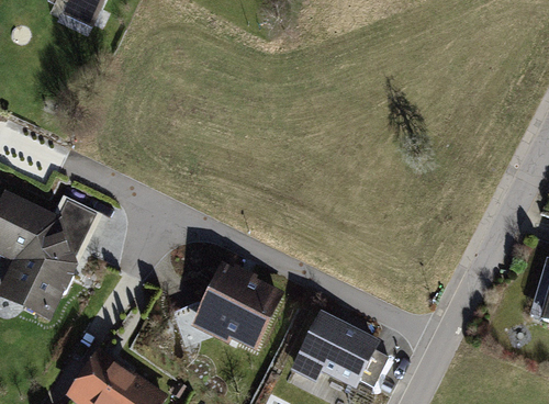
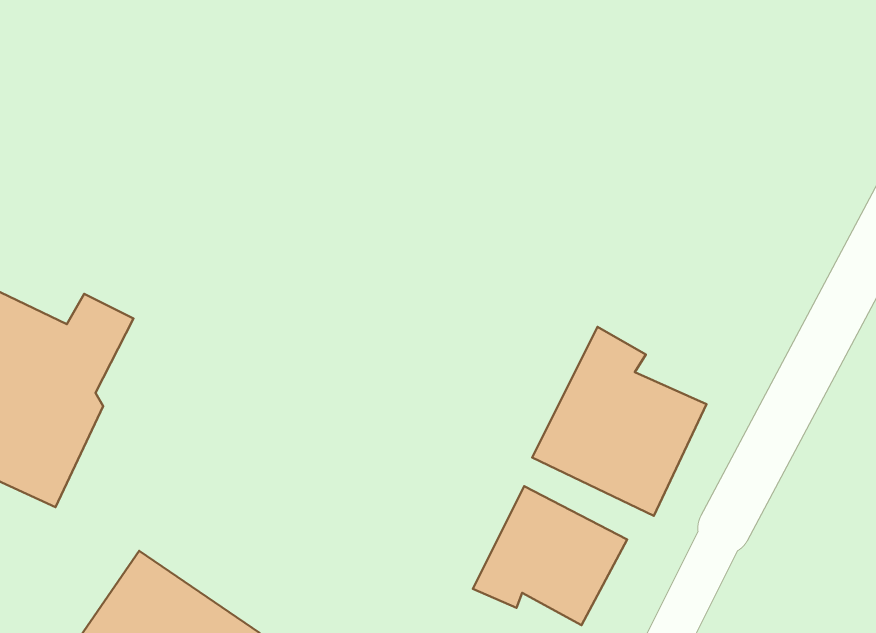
building: none -> [532,327,706,516]
building: [190,262,284,351] -> none

